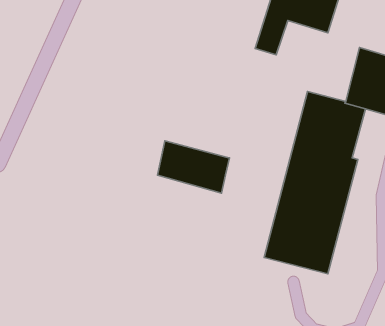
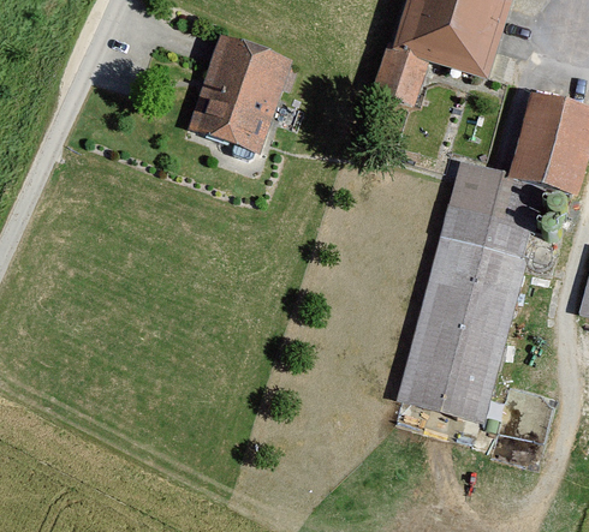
building: none -> [194,37,294,150]
building: [157,141,230,193] -> none

